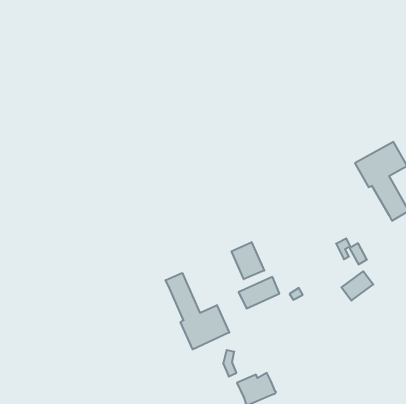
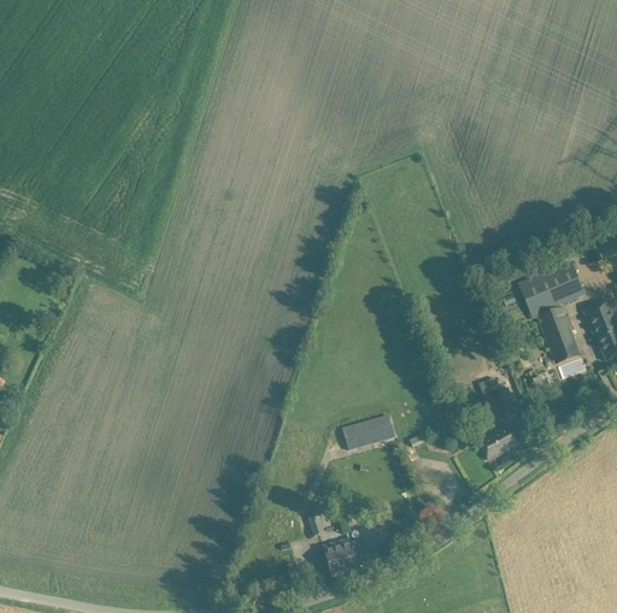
building: [232,242,264,279] -> none
building: [166,273,229,349] -> none

